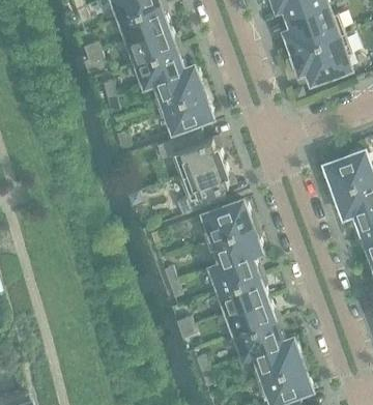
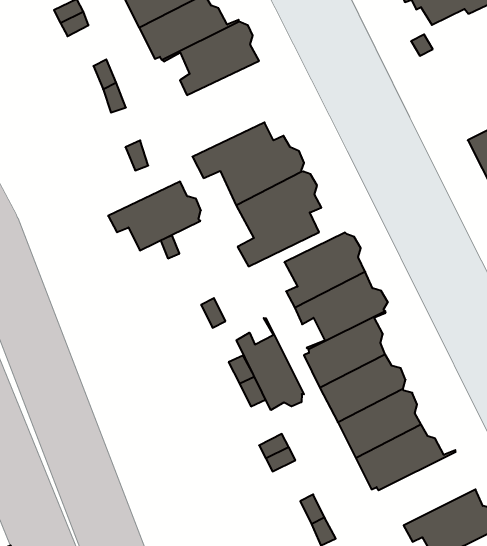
building: [156,92,212,131] -> [108,182,201,250]
building: none -> [237,318,304,410]
building: [243,340,302,380] -> none

